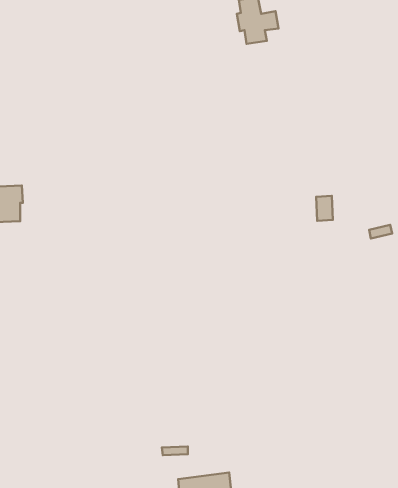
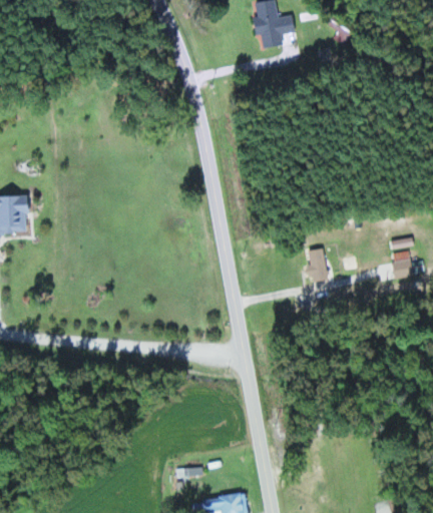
building: [316,196,333,221] -> [308,250,325,277]
building: none -> [391,250,414,280]

